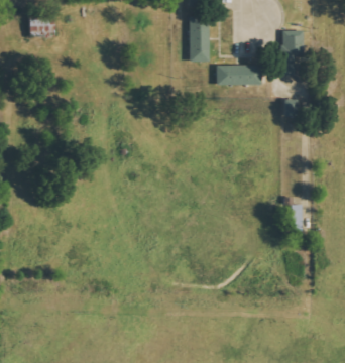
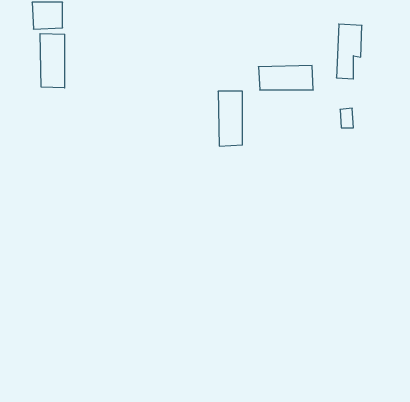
building: [189,16,209,62] -> [218,91,242,146]
building: none -> [40,34,65,88]

